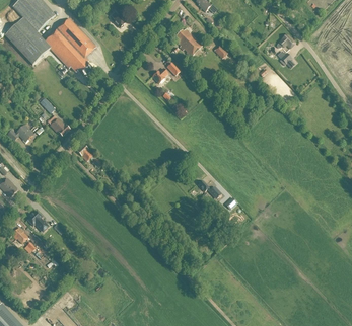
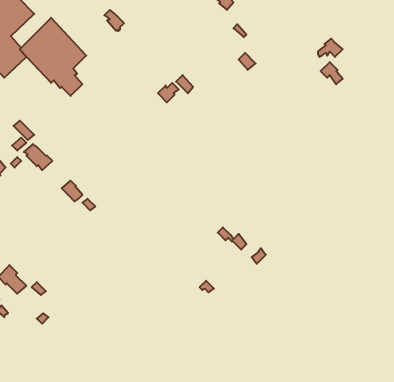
building: [172,28,202,57] -> none

